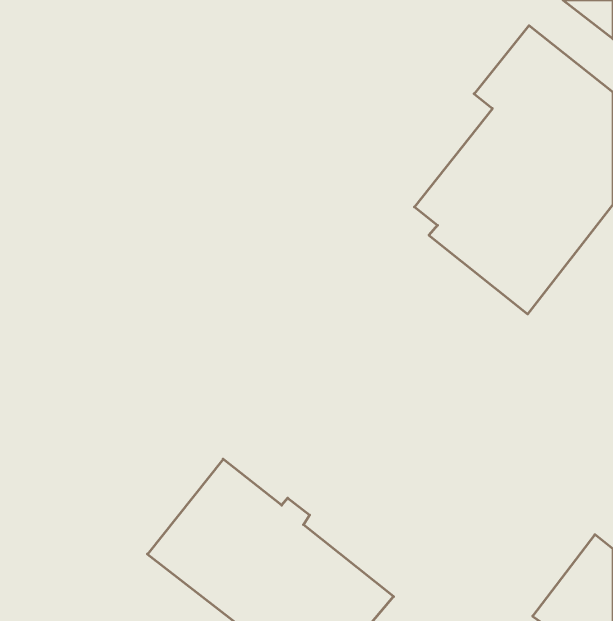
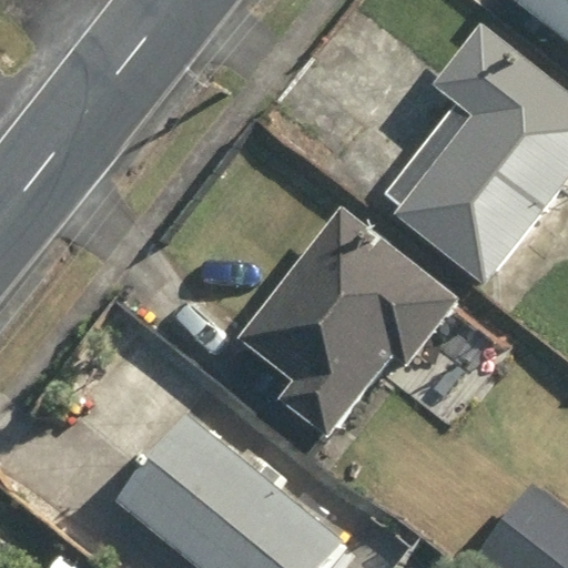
building: none -> [241,209,458,437]

